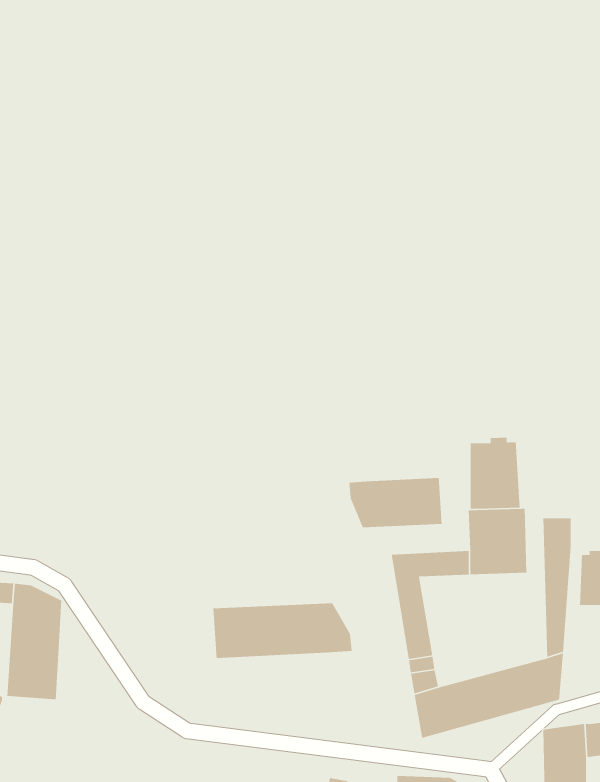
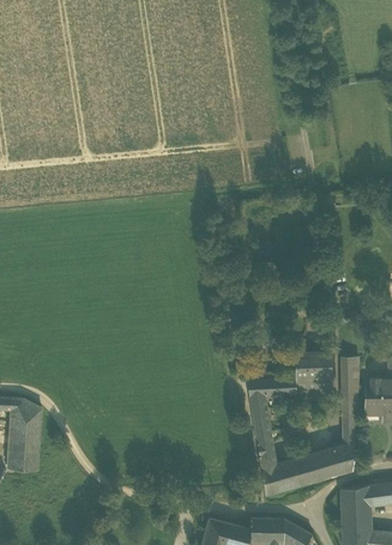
building: [470,437,521,510] -> none
building: [348,477,443,528] -> none
building: [213,603,353,659] -> none

